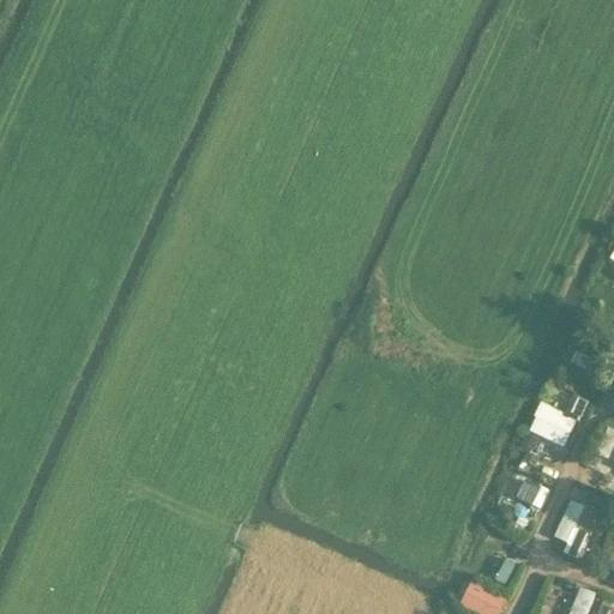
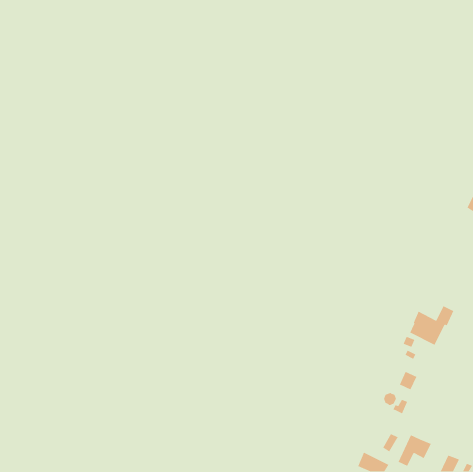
building: [554,501,598,543] -> [397,434,432,467]

